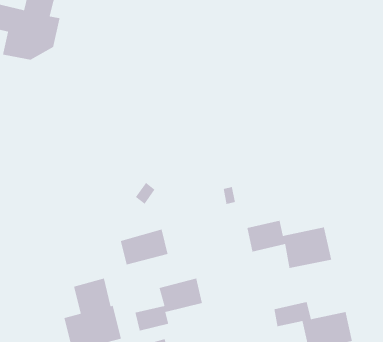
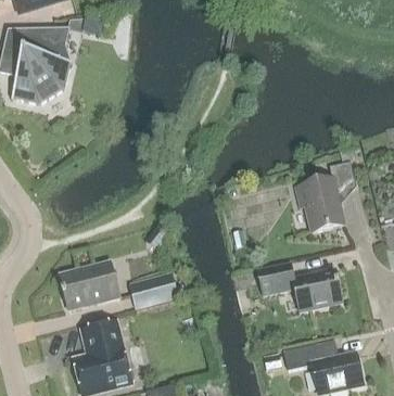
building: none -> [295,162,355,231]
building: none -> [59,259,119,309]
building: [134,277,203,331] -> none

